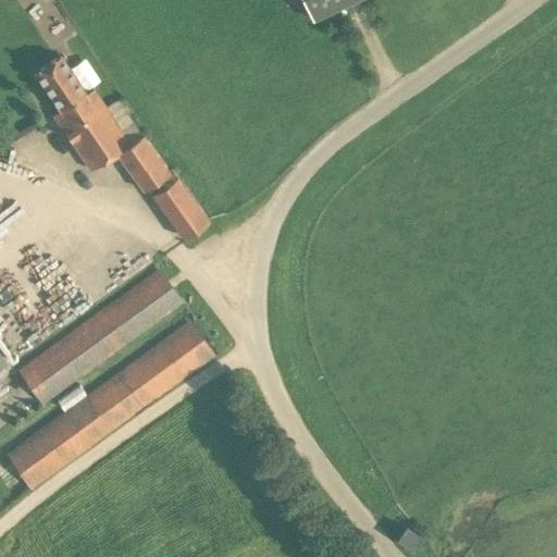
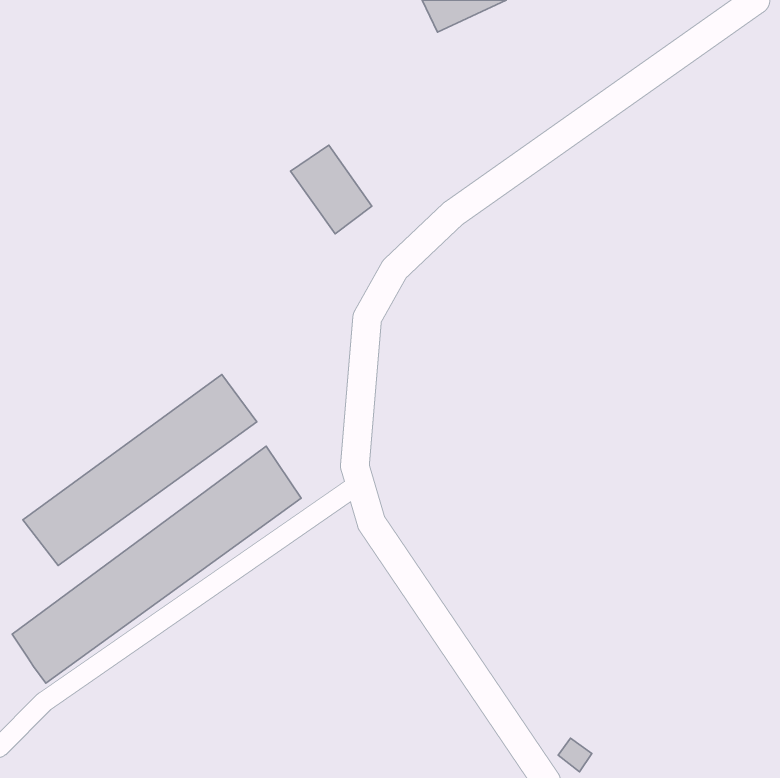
building: [36,58,169,191] -> none
building: [150,177,208,240] -> [291,145,372,234]

